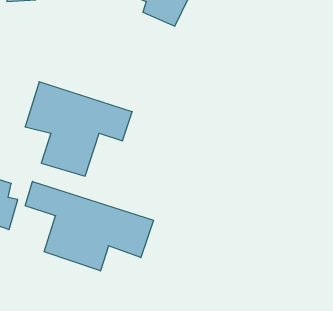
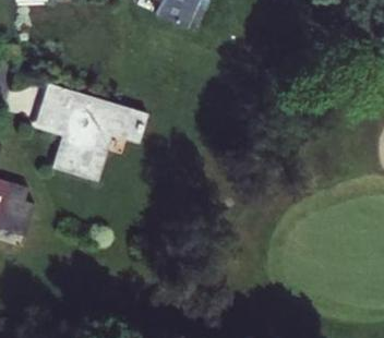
building: [25,181,153,271] -> none

